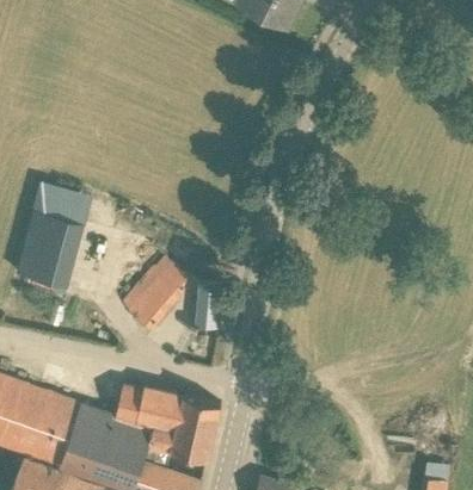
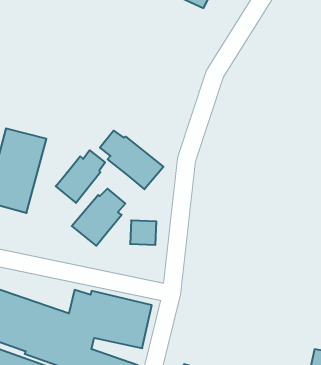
building: none -> [100,131,163,189]
building: none -> [56,150,105,203]

